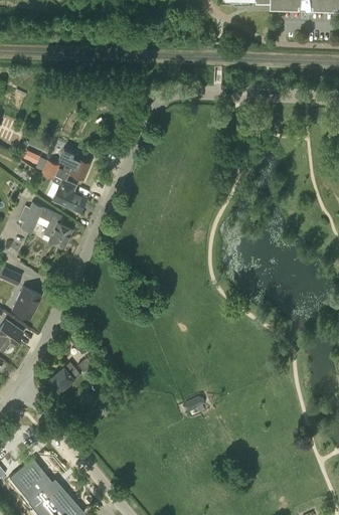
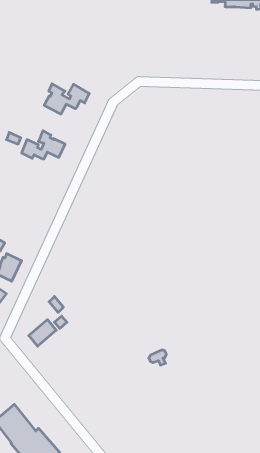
building: none -> [44,84,89,114]
building: [54,180,88,211] -> none
building: [21,202,72,247] -> none

